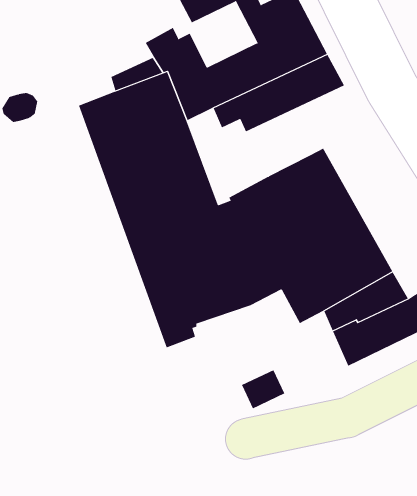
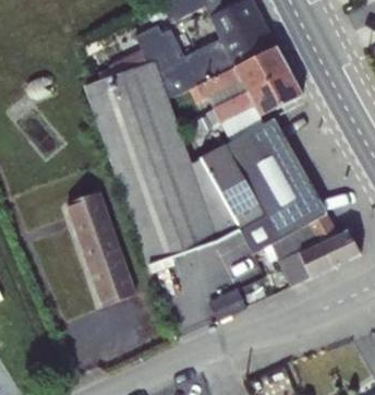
building: none -> [205,69,302,139]
building: none -> [66,190,135,304]

